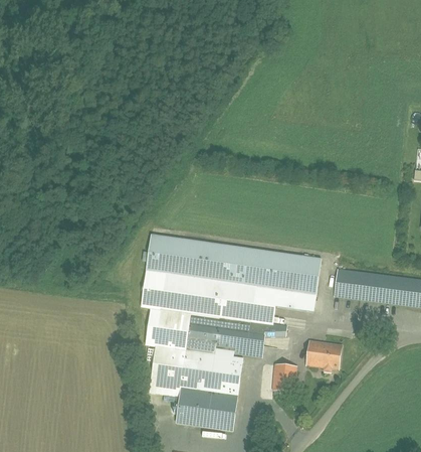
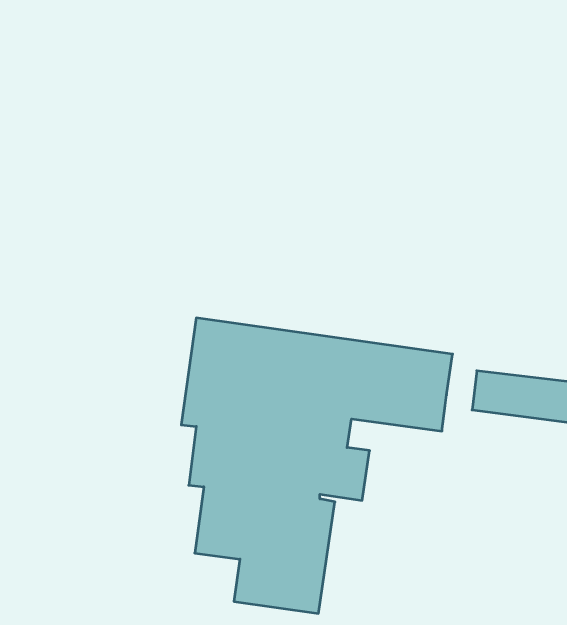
building: [305,340,341,371] -> none
building: [272,363,296,391] -> none

